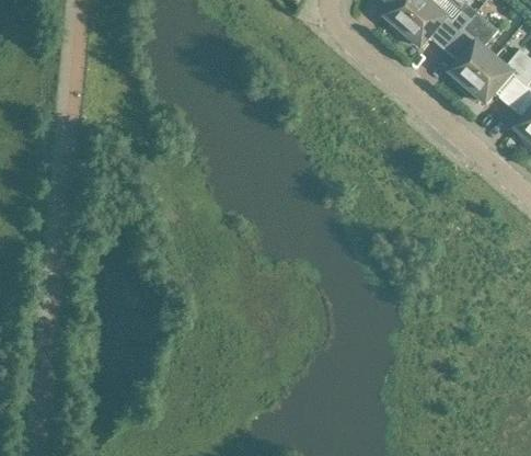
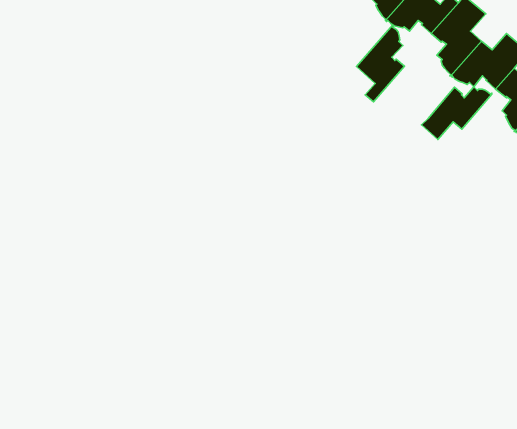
building: none -> [356,25,404,102]
building: none -> [422,87,492,140]

